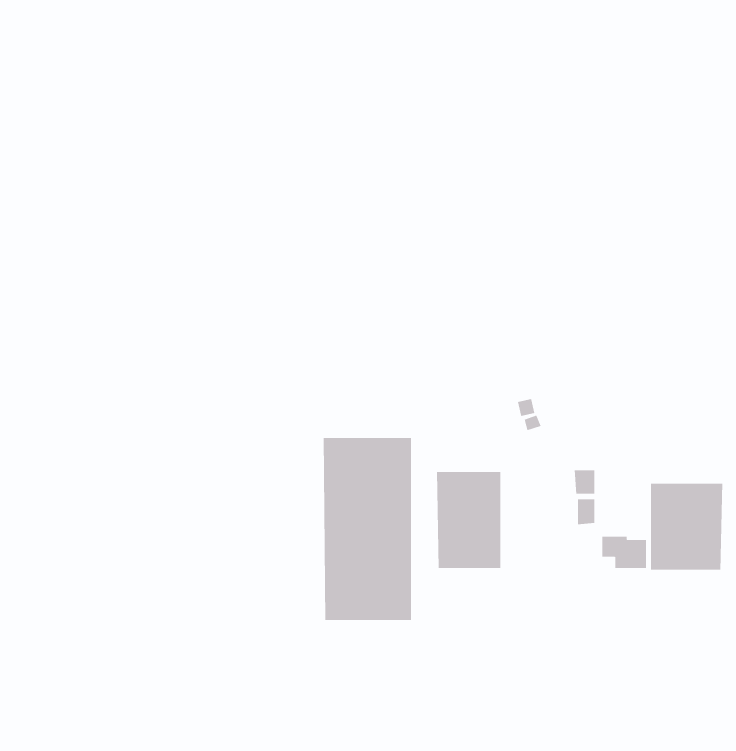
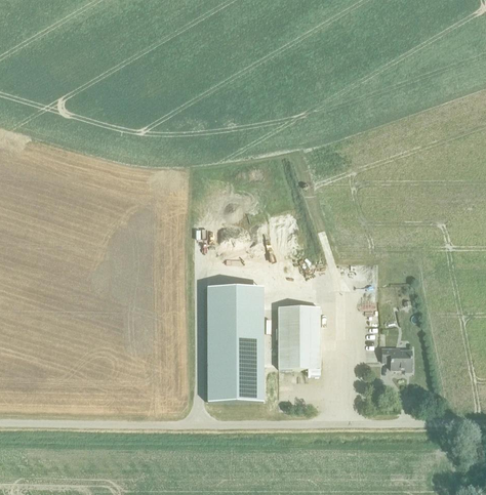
building: [651,483,723,571] -> none

